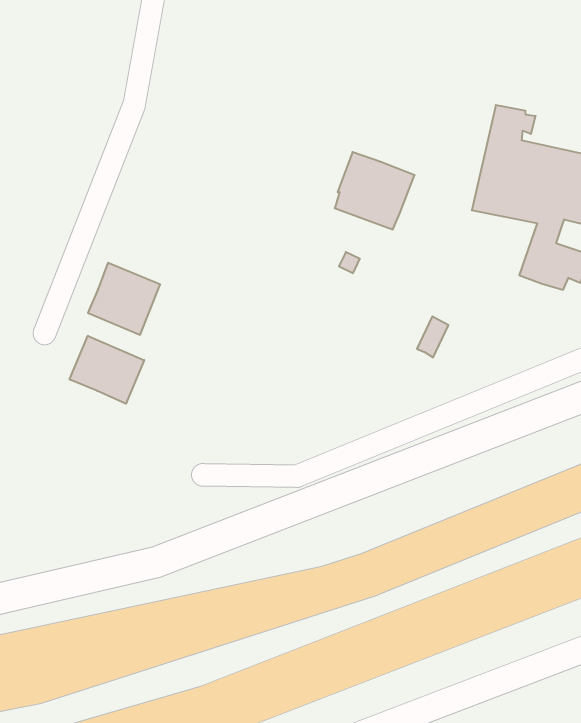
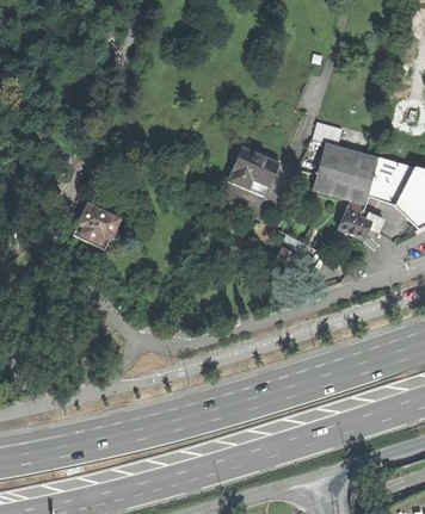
building: [70,336,144,404] -> none

